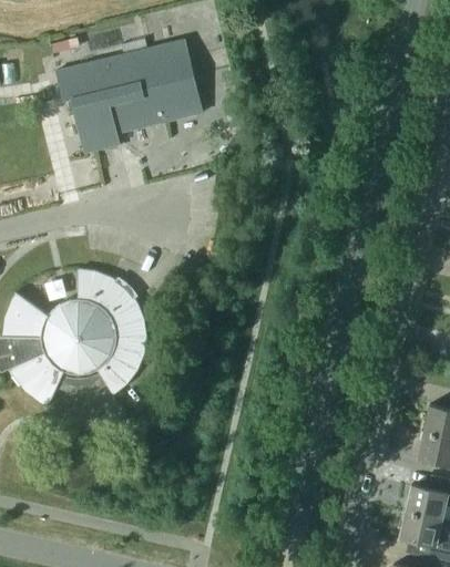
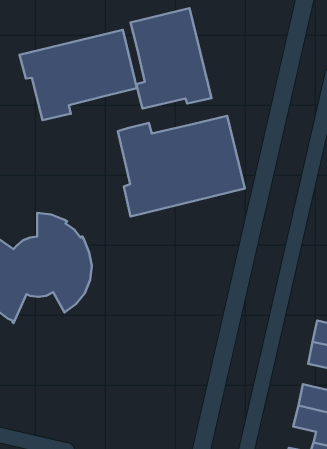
building: none -> [131,8,211,109]
building: none -> [118,116,245,217]

